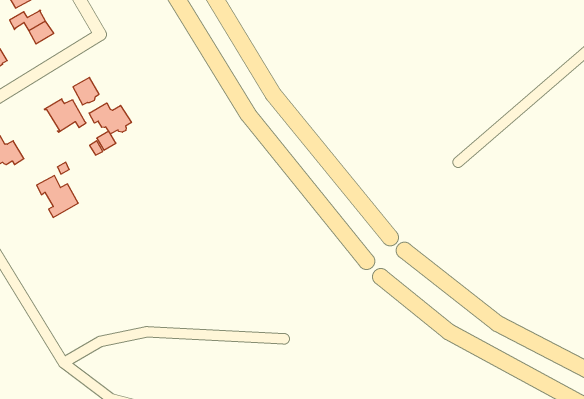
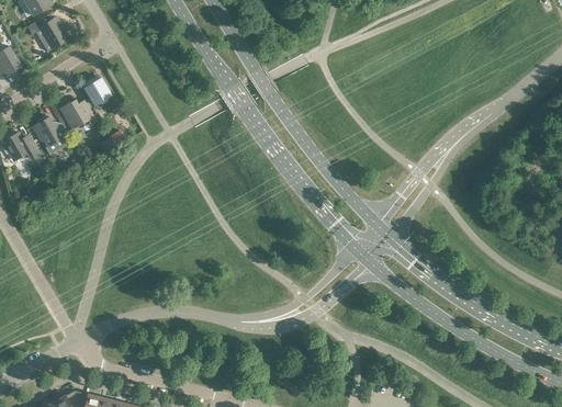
building: [89,103,131,134] -> none
building: [37,176,78,217] -> [32,117,70,156]

